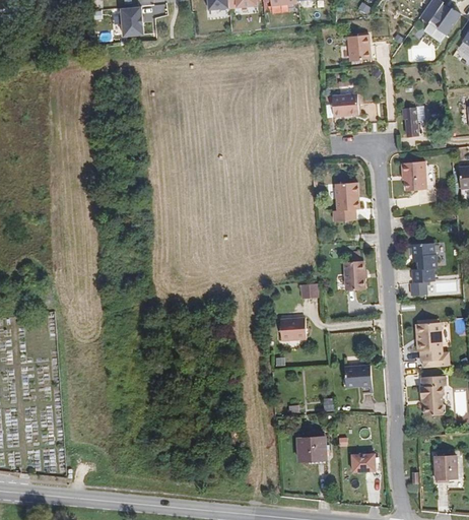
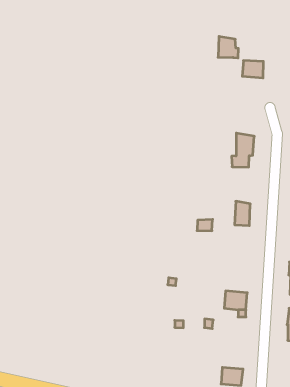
building: [347,36,373,60] -> [218,36,238,58]
building: [279,318,305,338] -> none
building: [295,437,329,463] -> none

